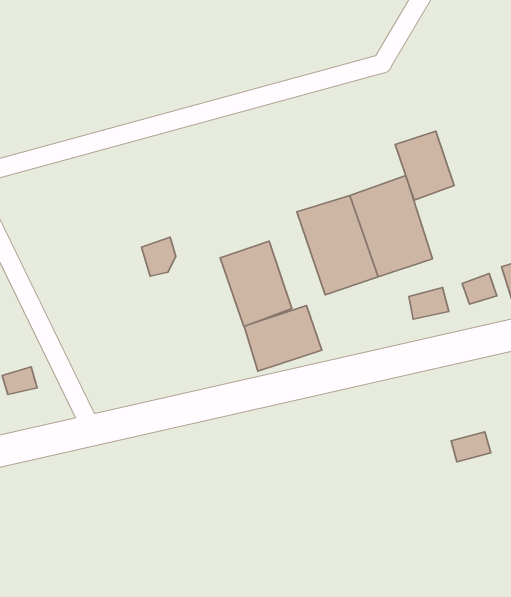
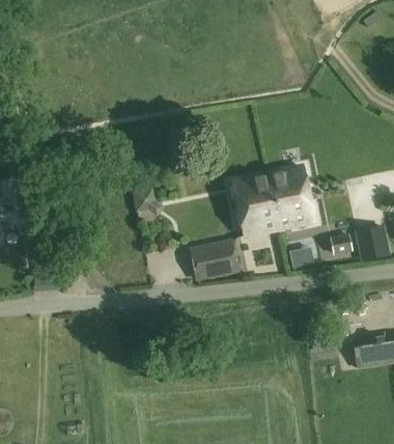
building: [395,131,454,200] -> none
building: [220,241,292,326] -> none

